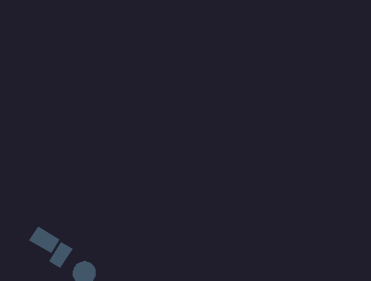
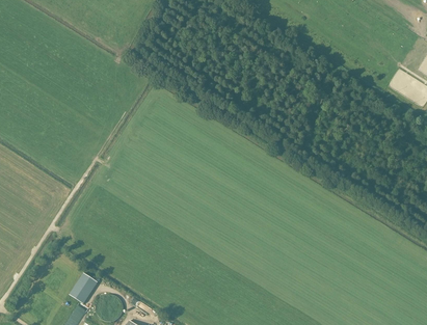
building: [28,225,61,254] -> none

